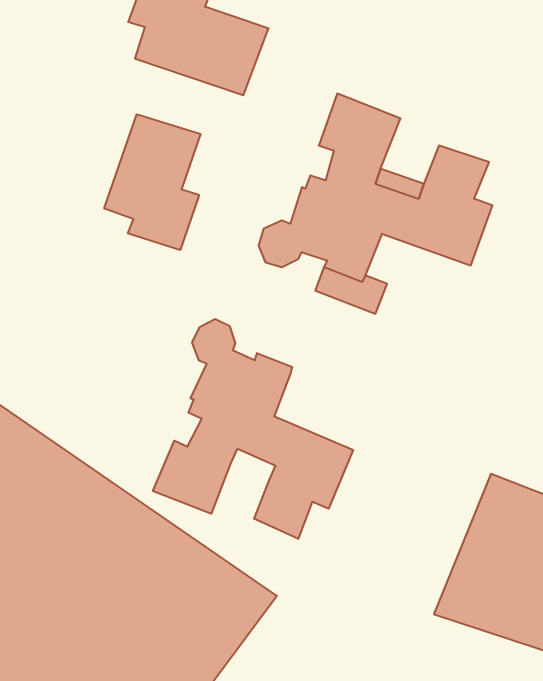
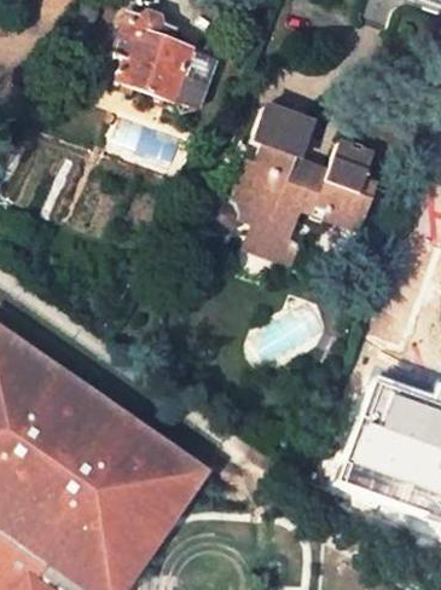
building: [104,114,201,250] -> none
building: [153,319,353,539] -> none

